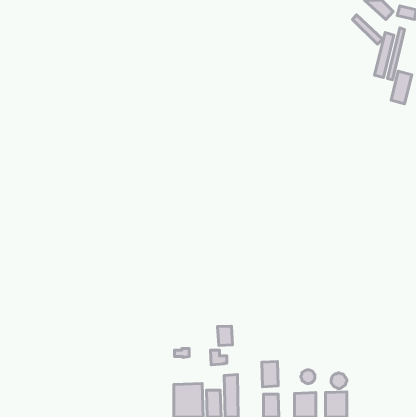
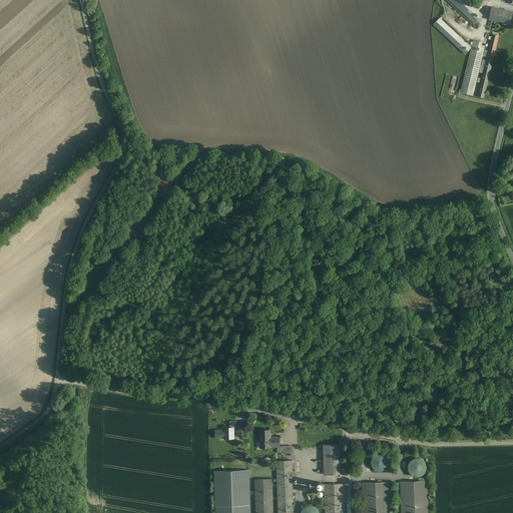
building: [391,71,412,104] -> none
building: [218,326,232,345] -> none

